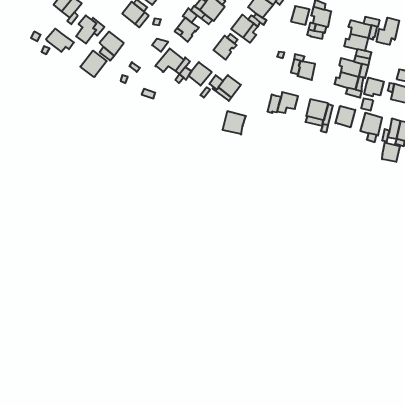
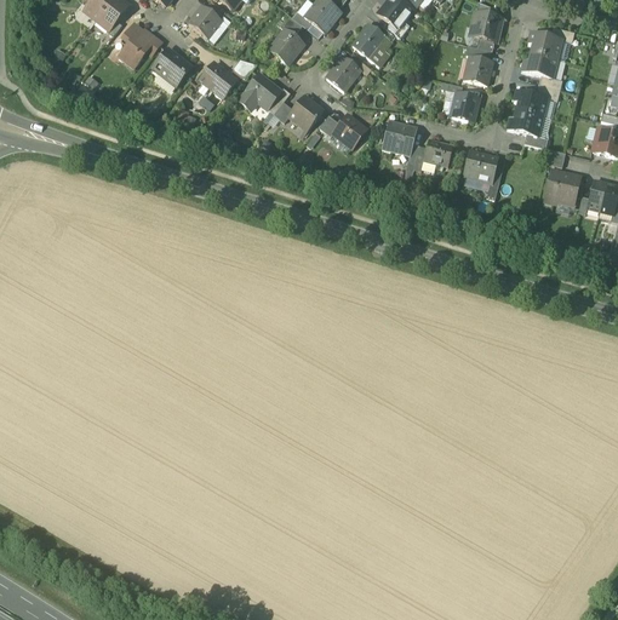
building: [291,6,310,25] -> [465,56,493,84]
building: [377,18,399,45] -> none
building: [46,29,74,52] -> none
building: none -> [200,62,236,97]
building: [80,51,107,77] -> none
building: [364,78,384,96] -> none
building: [335,106,355,127] -> none
building: [222,111,246,135] -> [382,120,417,155]
building: [382,142,400,162] -> none

